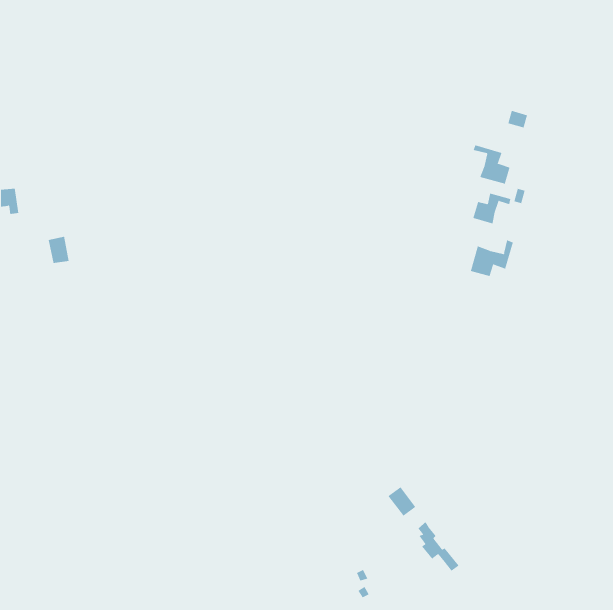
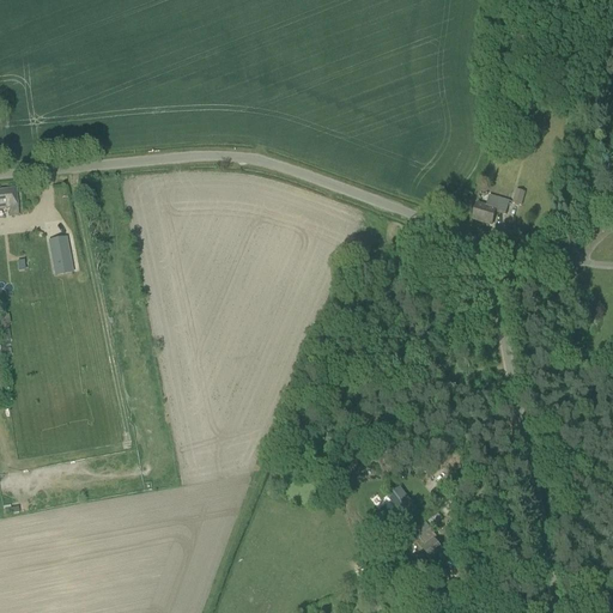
building: [473,144,510,185] -> none
building: [470,240,513,277] -> none

